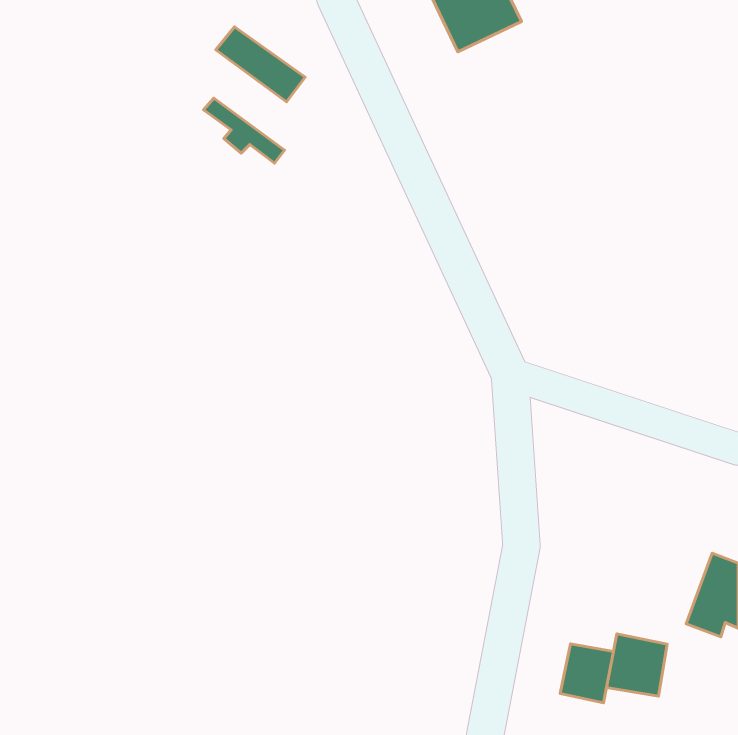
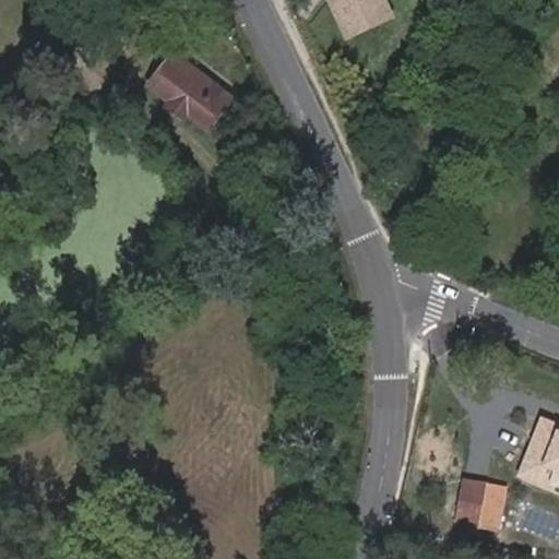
building: [216,27,305,102] -> [162,57,229,114]
building: [560,644,613,703] -> none

